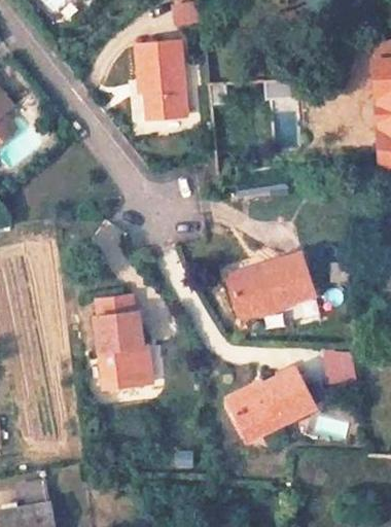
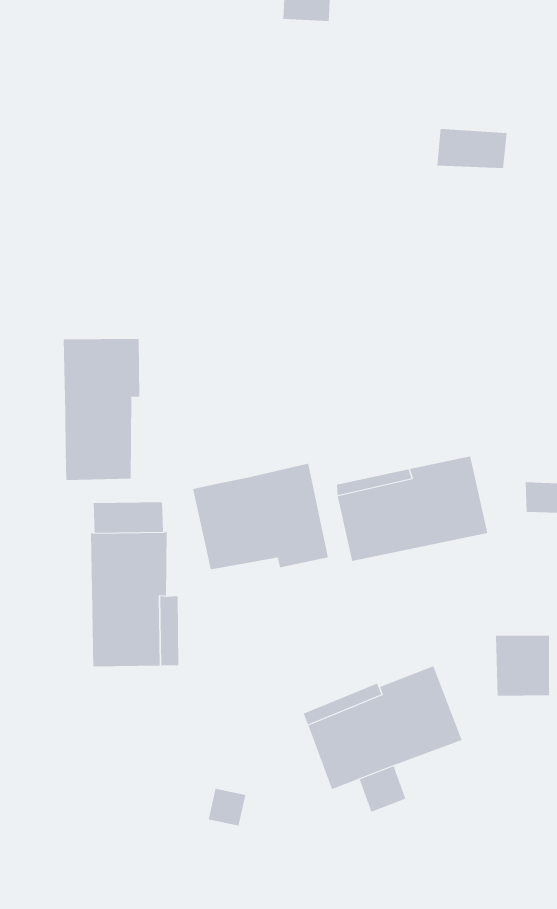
building: [137,41,185,120] -> none
building: none -> [63,338,140,481]
building: none -> [192,463,329,570]

